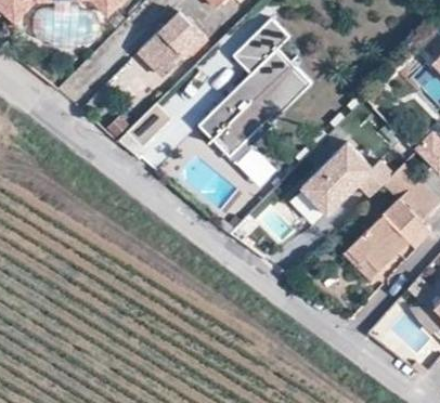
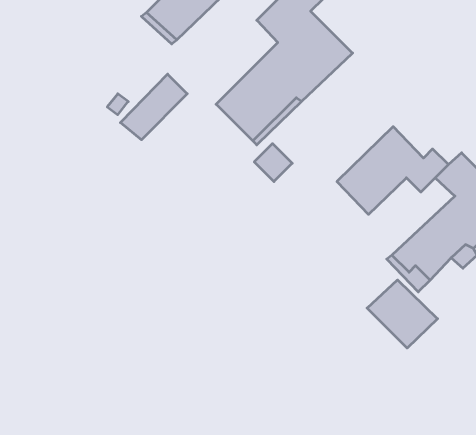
building: none -> [367,280,438,348]

